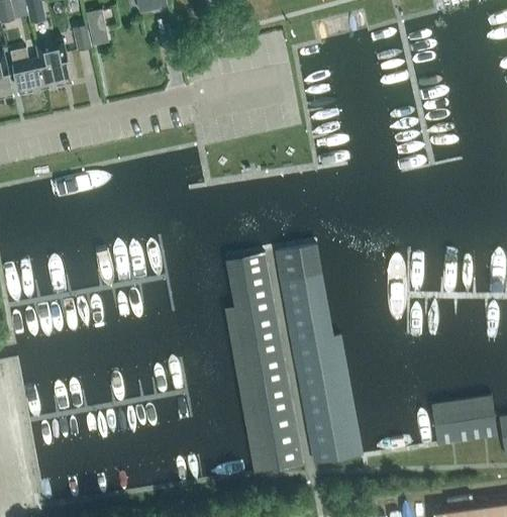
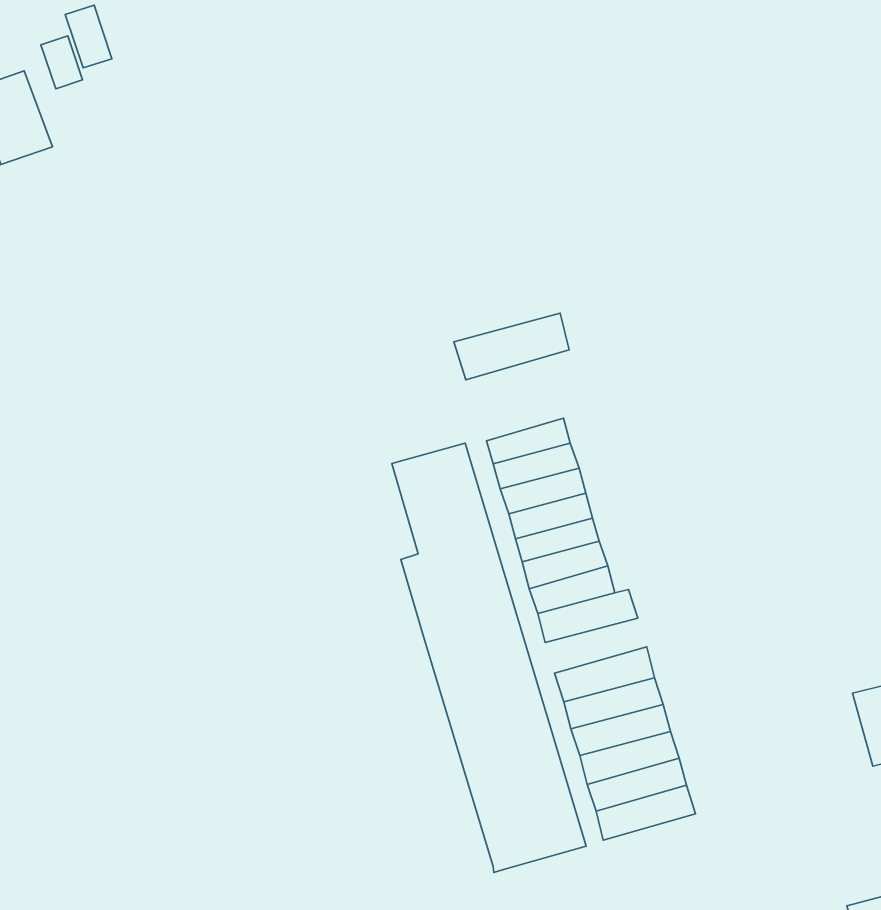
building: none -> [454,313,569,380]
building: [295,353,346,377] -> none
building: [431,404,454,445] -> none

